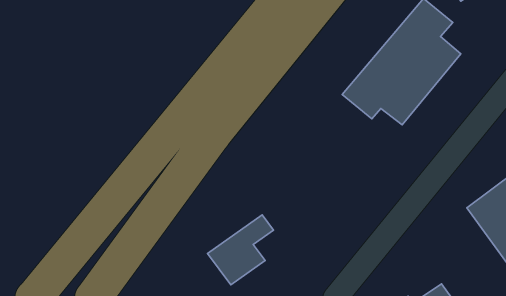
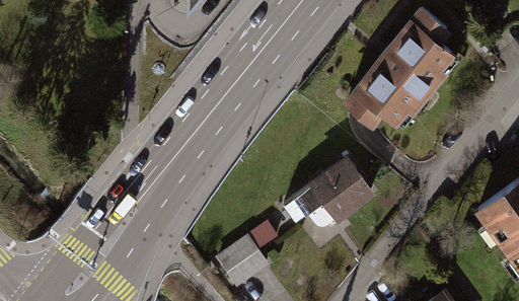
building: none -> [279,153,375,236]

